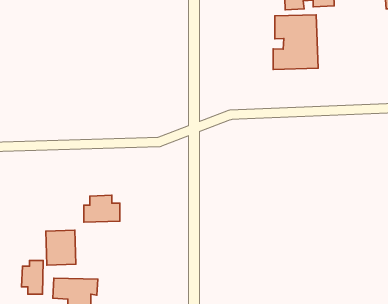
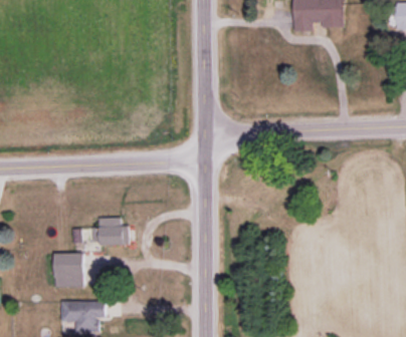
building: [273,15,318,69] -> none
building: [22,260,43,294] -> none

